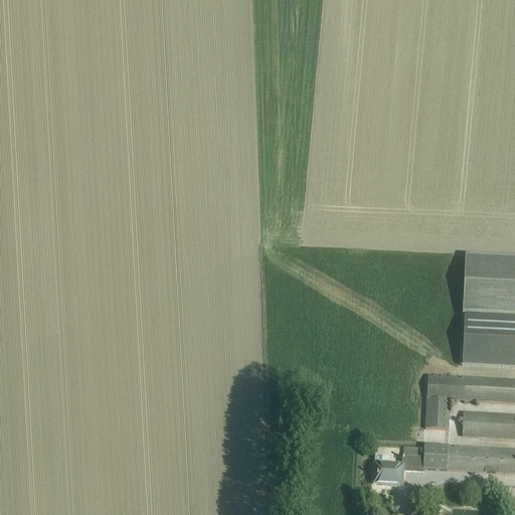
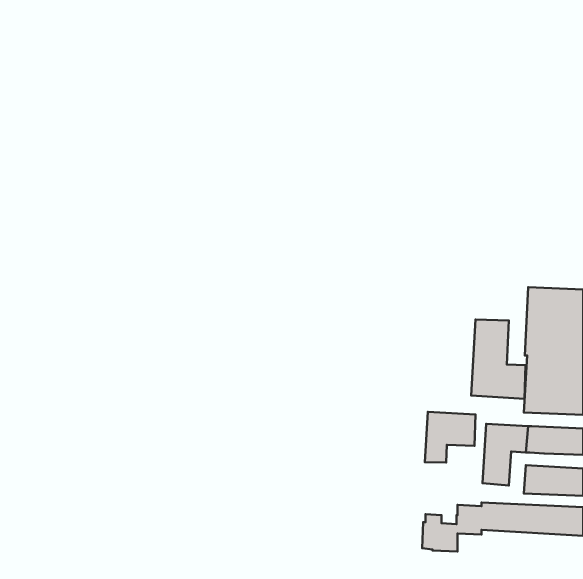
building: none -> [471,320,525,399]
building: none -> [425,412,476,462]

